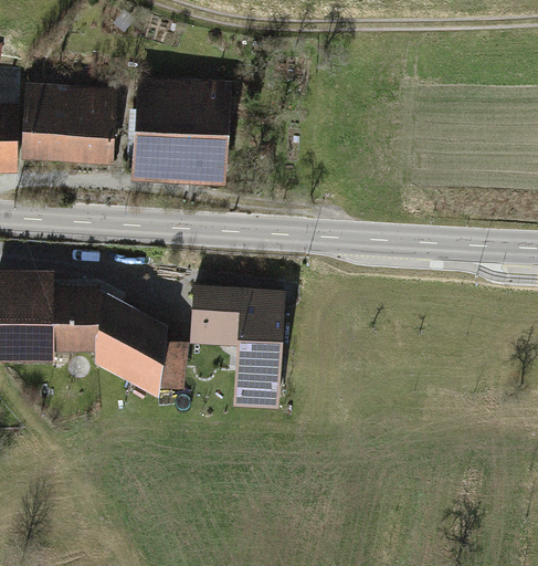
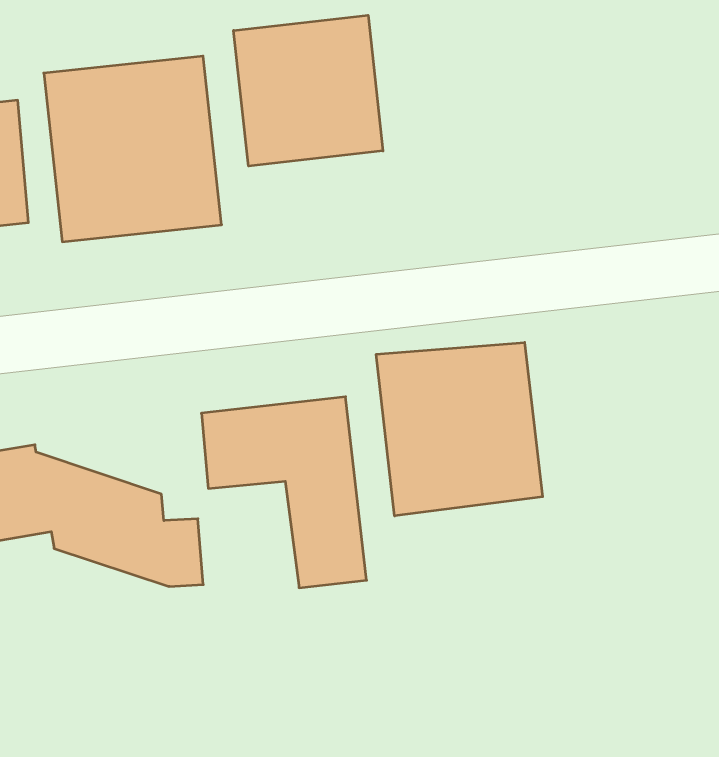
building: none -> [234,15,383,166]
building: none -> [376,342,543,516]

